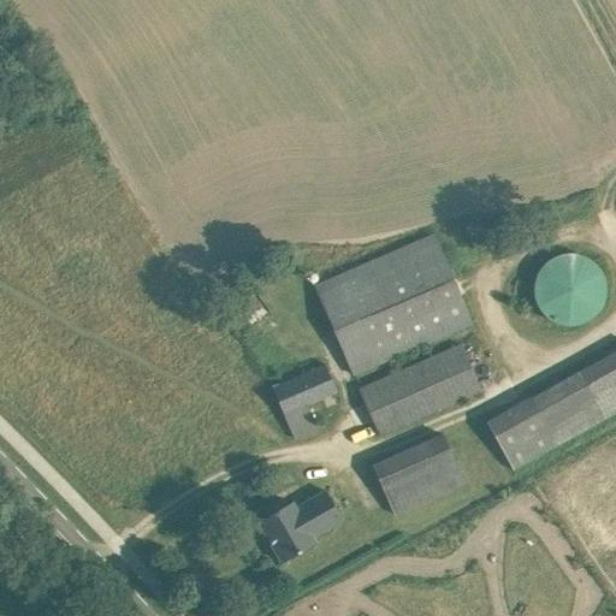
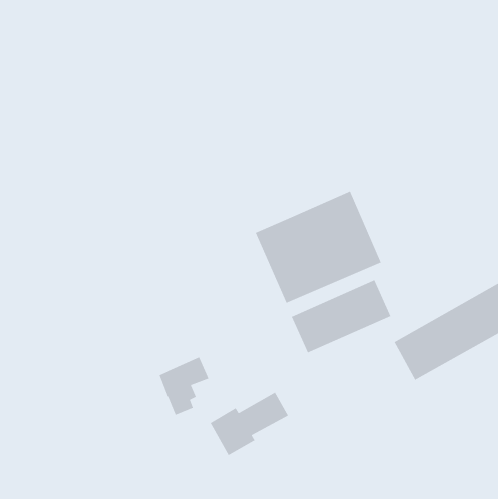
building: [534,253,606,326] -> none
building: [273,365,337,438] -> [158,356,210,416]
building: [375,432,469,510] -> none

